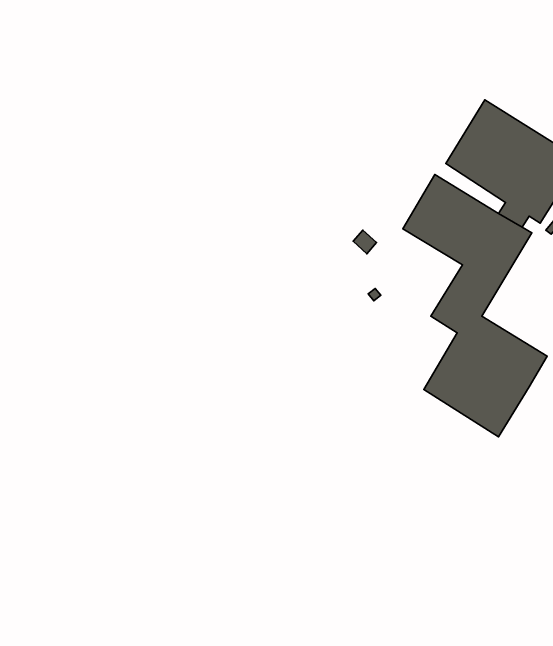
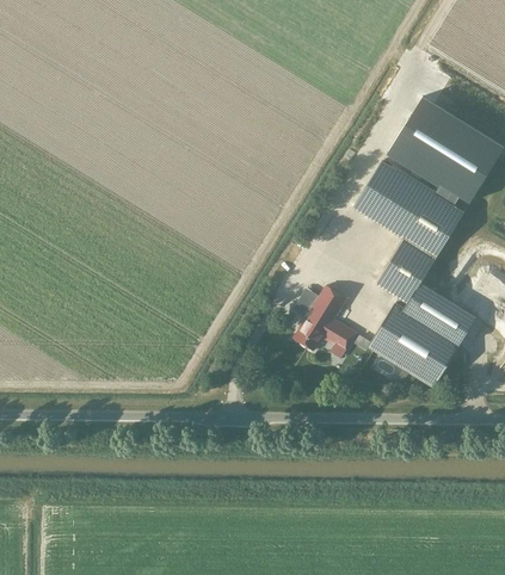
building: none -> [294,286,357,352]

